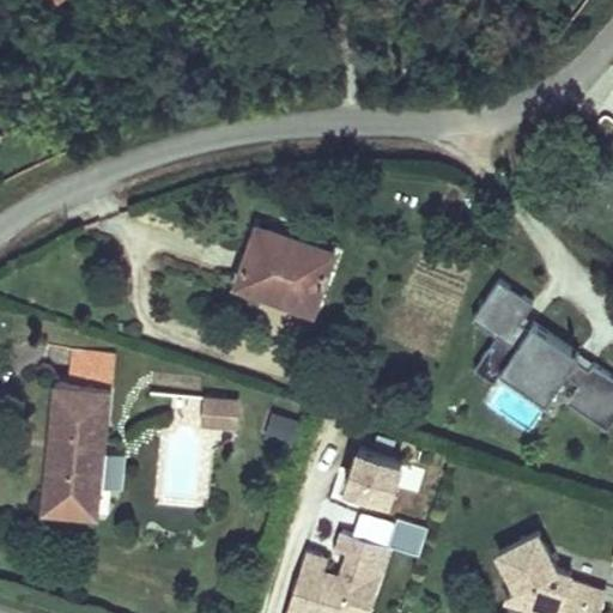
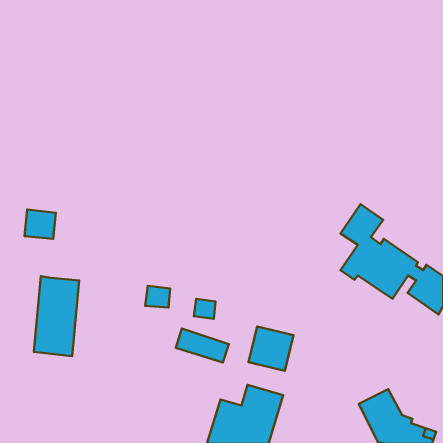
building: [236,224,335,314] -> none
building: [69,347,113,388] -> [24,209,56,239]
building: [43,486,99,518] -> none
building: [354,508,427,554] -> [176,329,229,362]

